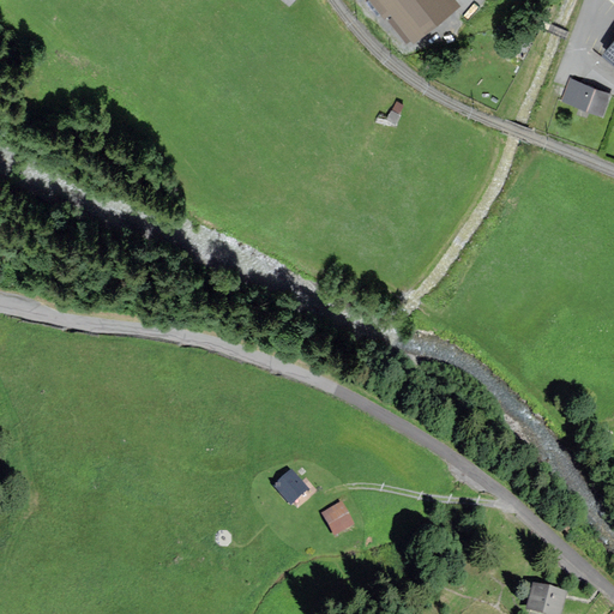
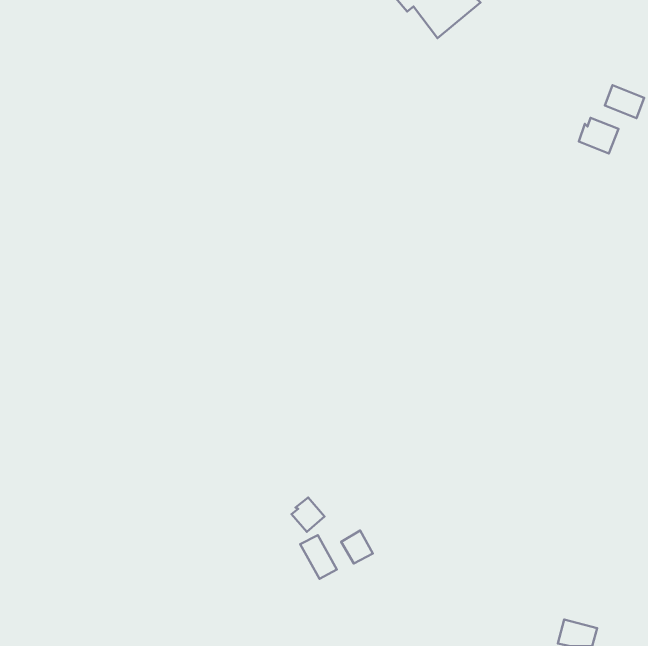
building: none -> [579,118,619,154]
building: none -> [300,535,337,579]

